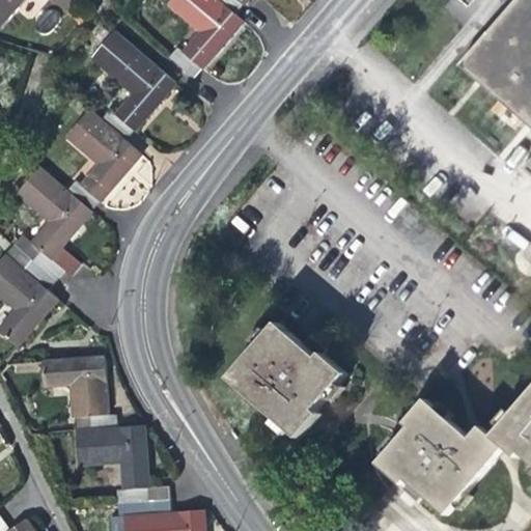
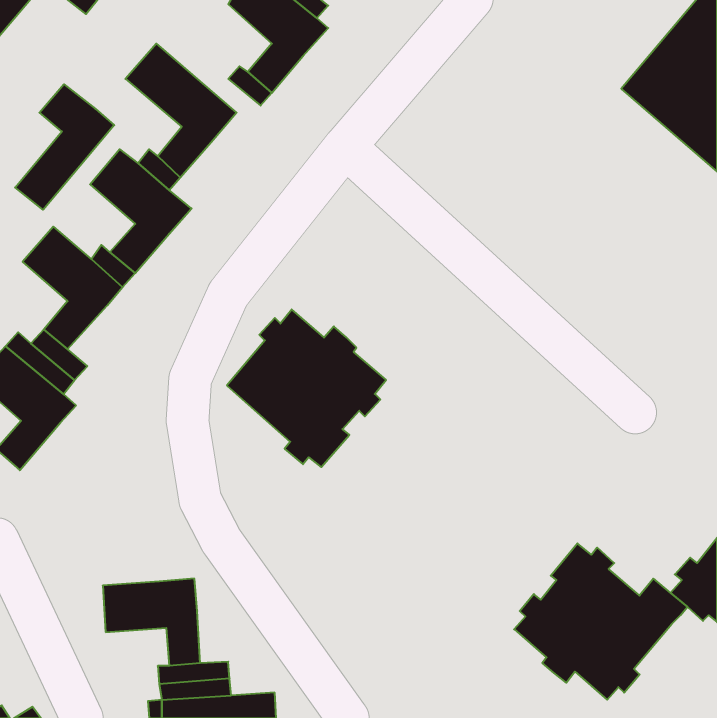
building: none -> [15,84,114,210]
building: [230,323,347,439] -> [227,309,386,467]
building: [41,358,117,431] -> none

